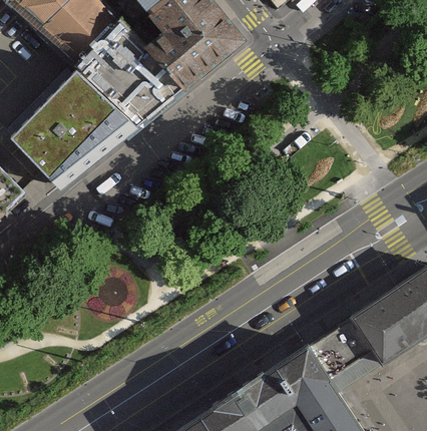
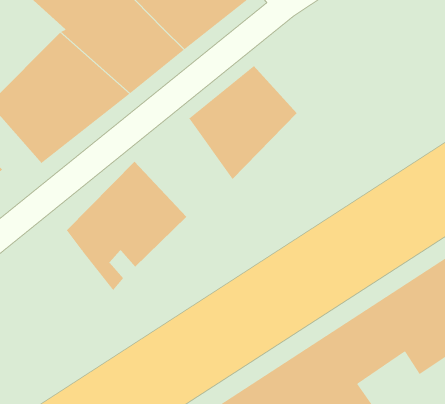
building: none -> [188,65,298,180]
building: none -> [66,161,187,291]

